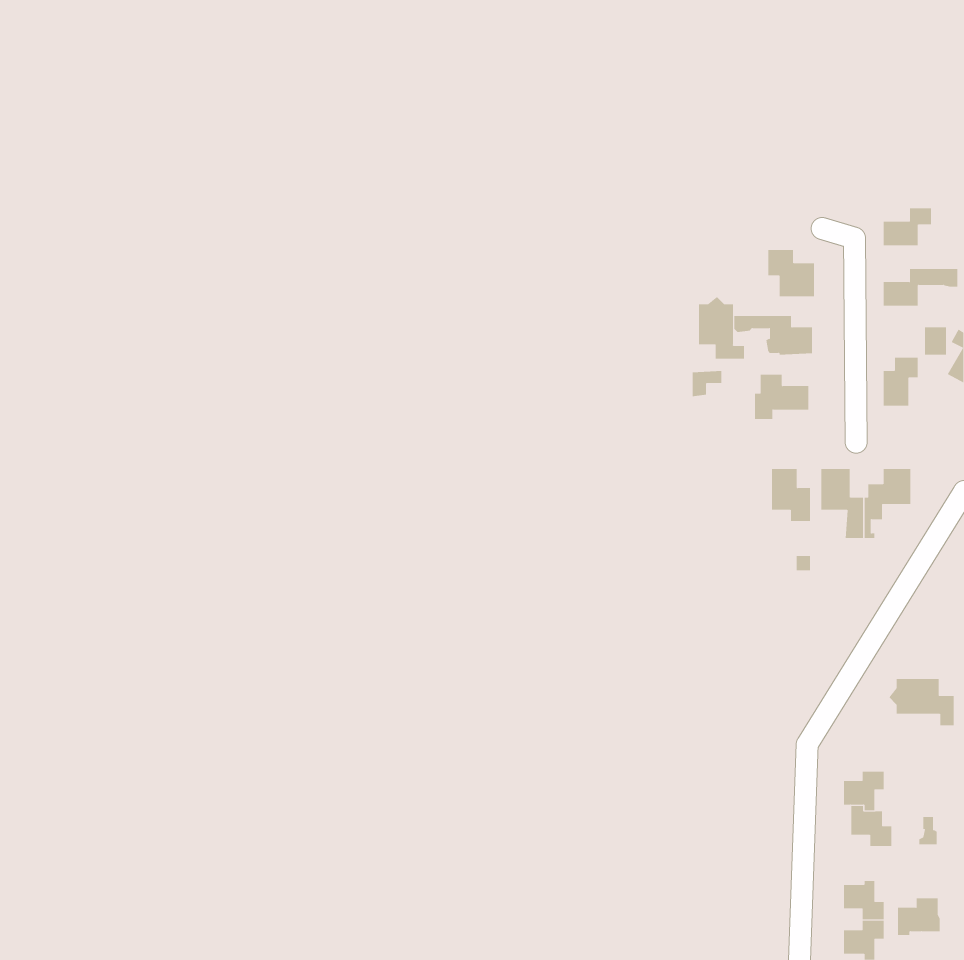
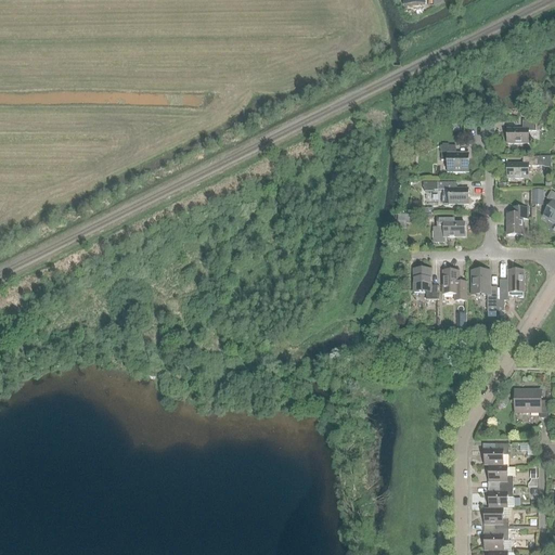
building: [699,296,744,360] -> none
building: none -> [413,268,437,297]
building: [897,898,941,936] -> [488,486,513,507]

